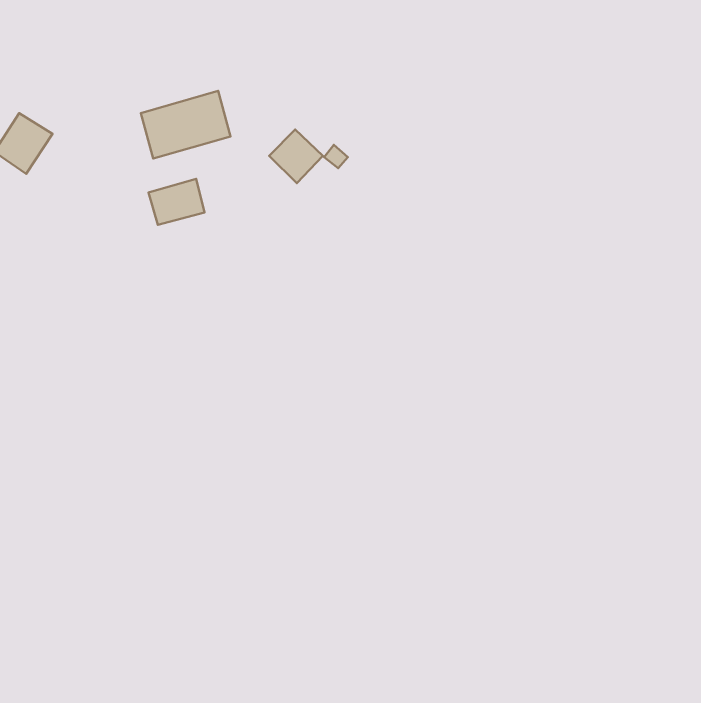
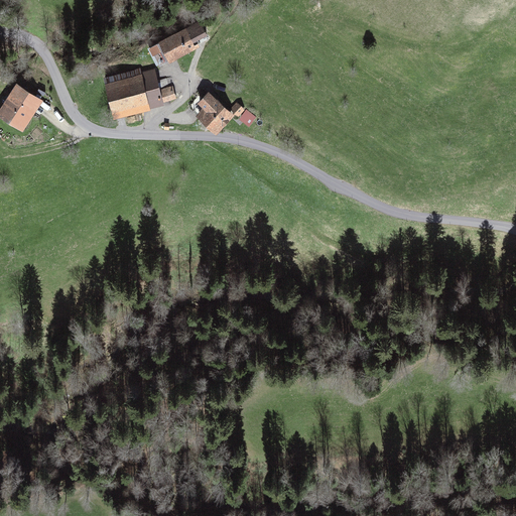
building: none -> [147,23,204,68]
building: [149,179,205,225] -> none

